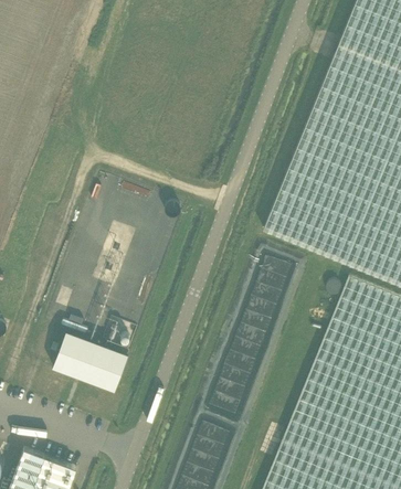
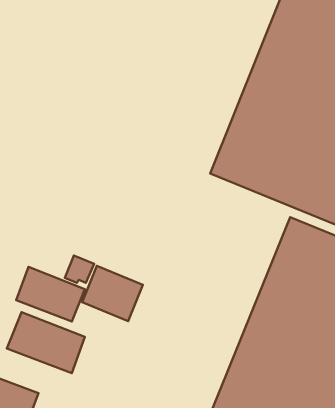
building: none -> [82,266,143,321]
building: none -> [7,312,85,373]

